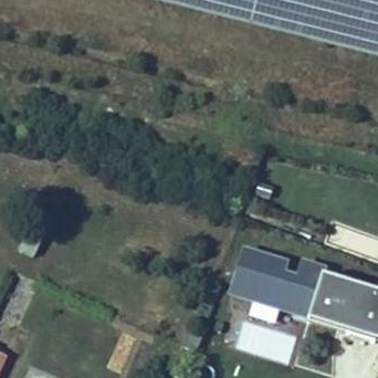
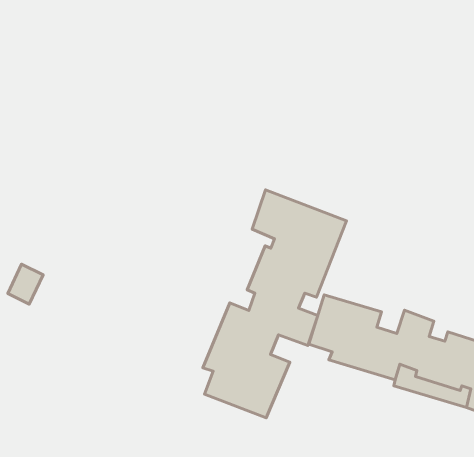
building: none -> [203,190,347,418]

